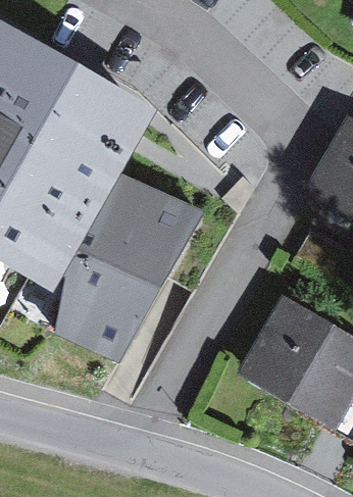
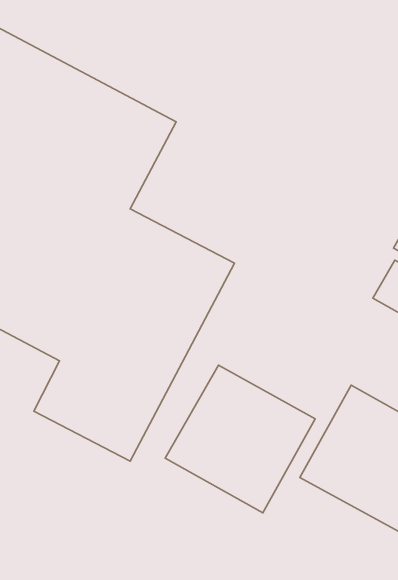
building: none -> [165,365,315,513]

